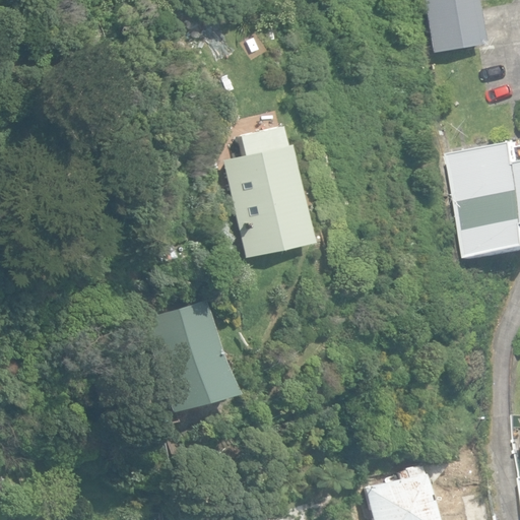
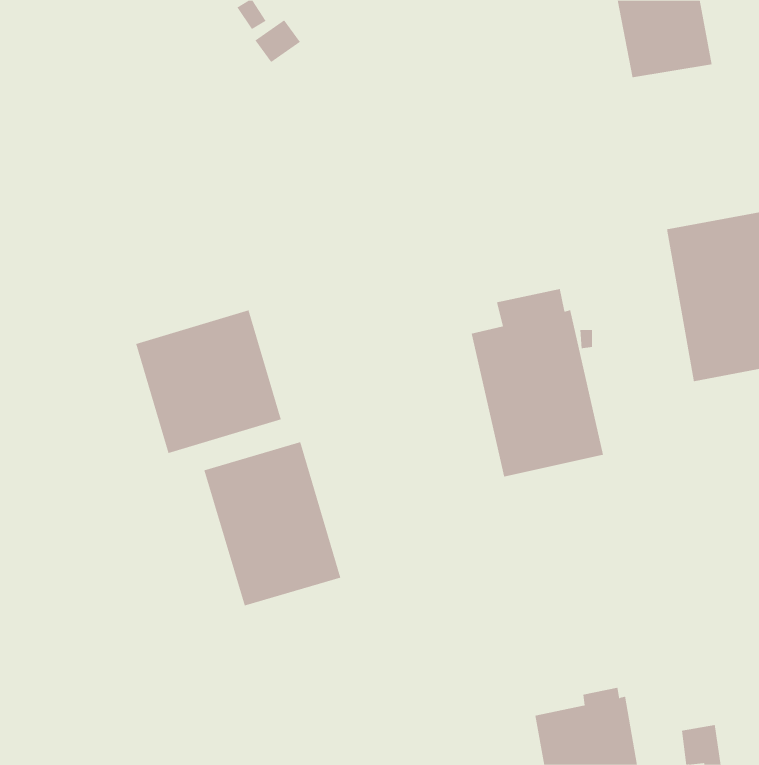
building: [223,129,314,257] -> [471,289,604,477]
building: none -> [136,310,282,454]

